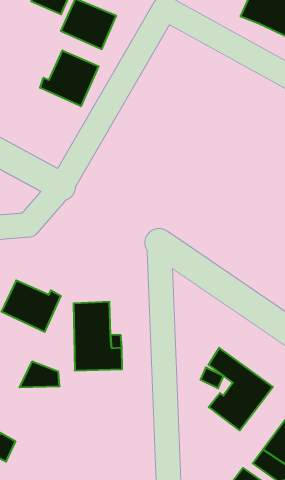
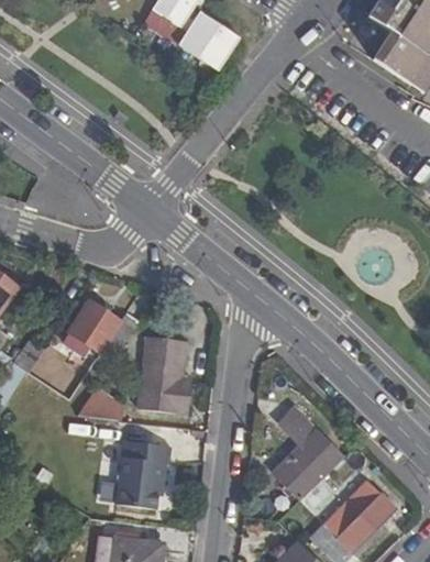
building: [40,50,99,106] -> none
building: none -> [115,439,172,508]

